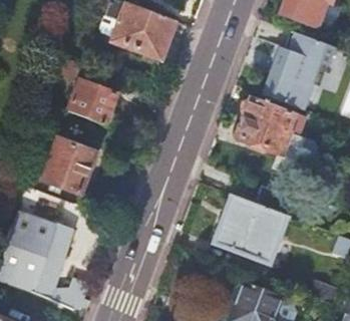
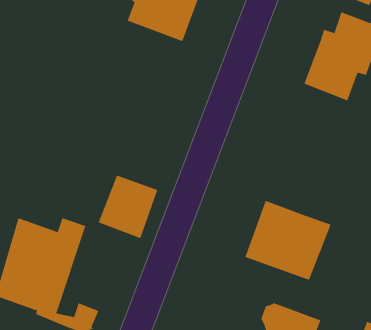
building: [67,78,117,124] -> none
building: [238,96,316,175] -> none
building: [43,138,95,194] -> [98,175,158,239]

